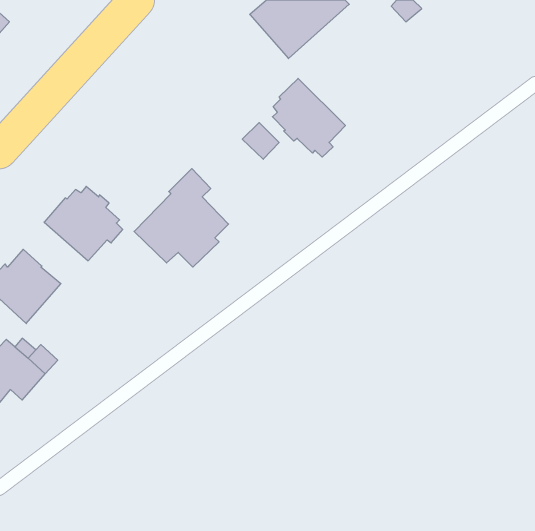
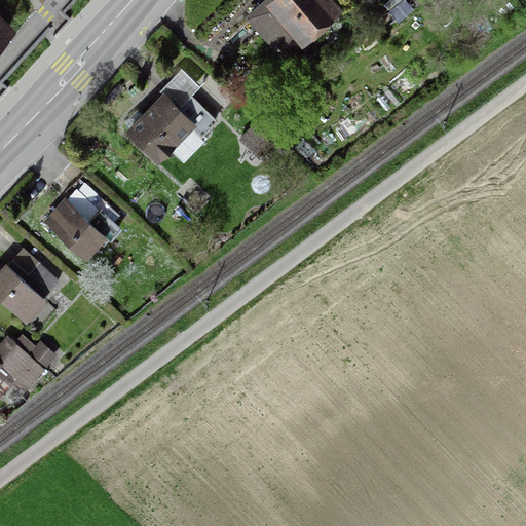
building: [272,78,345,157] -> none
building: [134,169,229,267] -> [124,69,217,165]

